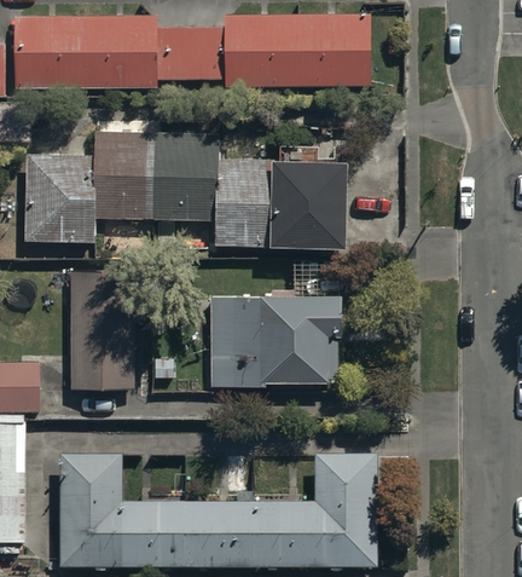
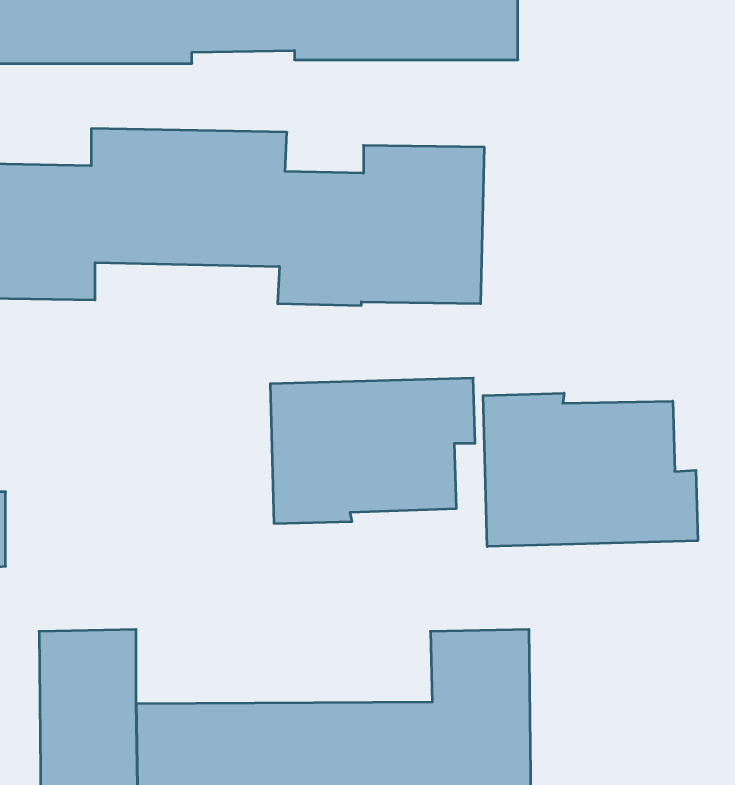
building: [69,269,138,387] -> none
building: none -> [483,393,698,547]

